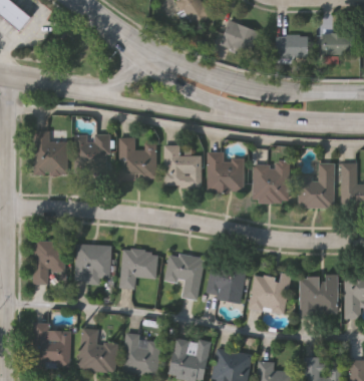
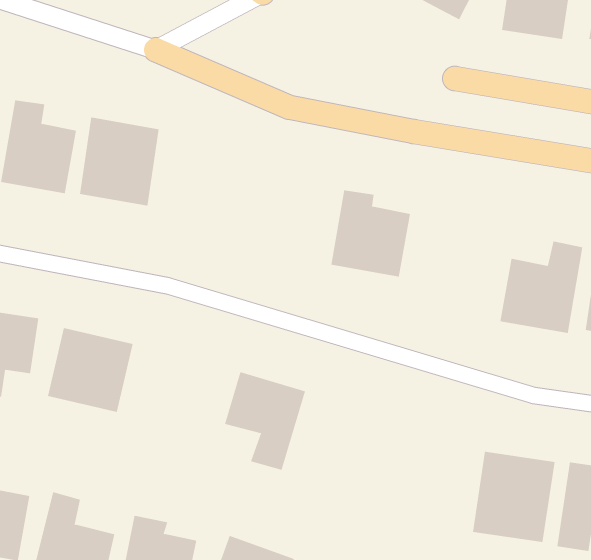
building: [119,136,156,178] -> none
building: [164,144,202,185] -> none
building: [253,162,290,202] -> none
building: [120,248,159,288] -> none
building: [207,261,247,300] -> none
building: [249,272,292,314] -> none

